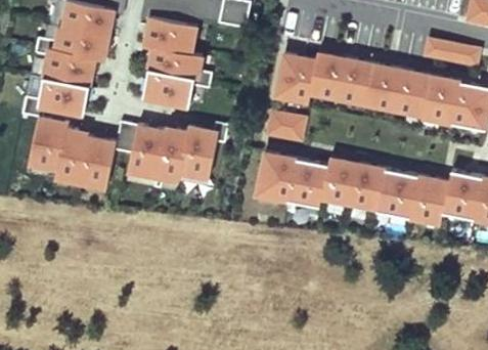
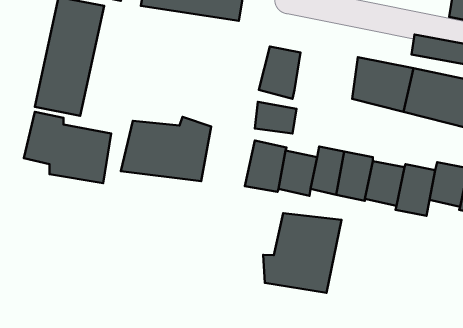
building: [138,19,202,114] -> none
building: [305,50,370,105] -> none
building: none -> [263,213,342,293]

